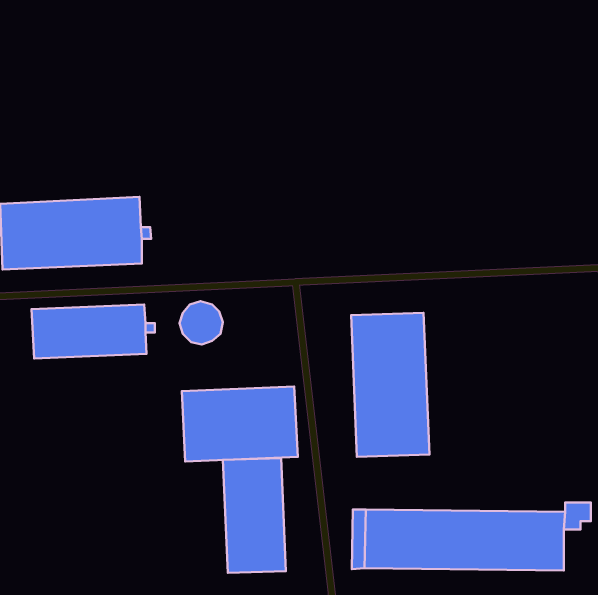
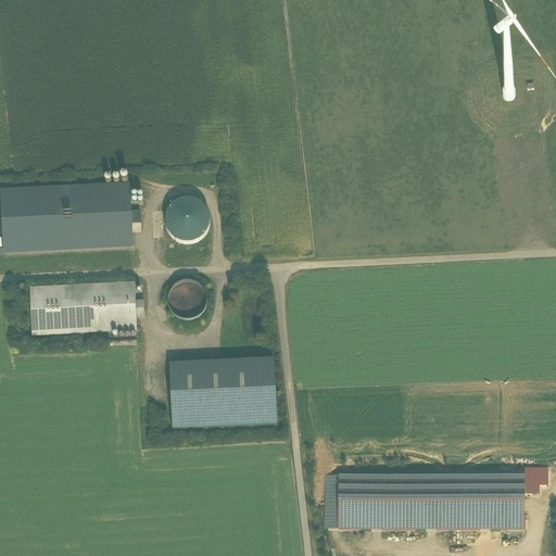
building: none -> [164,197,208,241]
building: [351,313,429,457] -> none
building: [223,458,286,573] -> none

